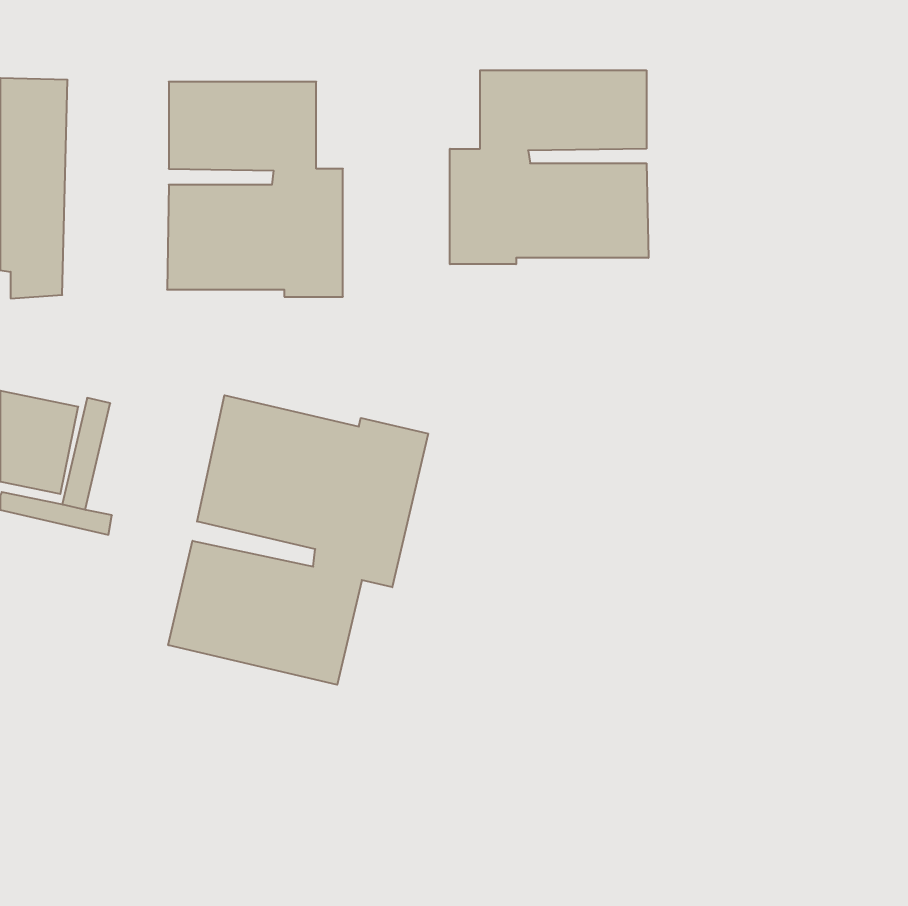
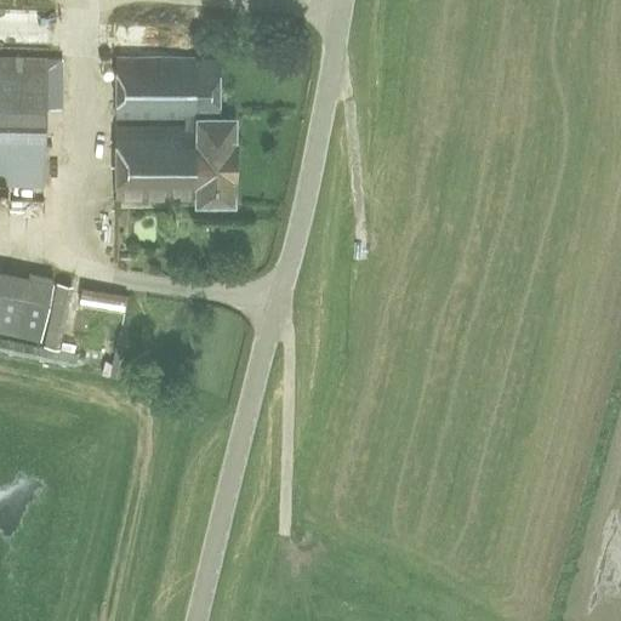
building: [450,70,648,264] -> none
building: [168,395,428,685] -> none

